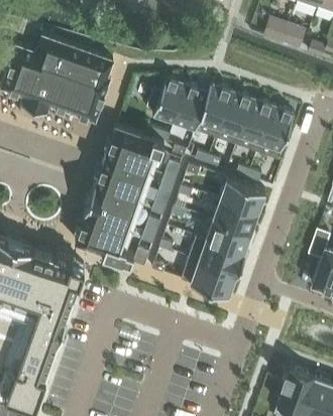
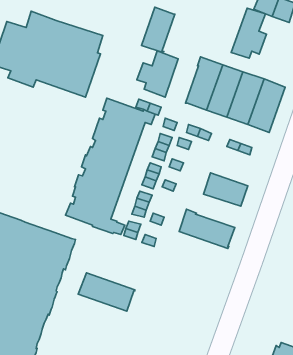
building: none -> [231,8,266,58]
building: [176,85,209,130] -> [142,7,175,53]
building: [221,177,266,212] -> none
building: [206,220,251,253] -> none
building: [182,257,238,295] -> [78,273,135,311]

